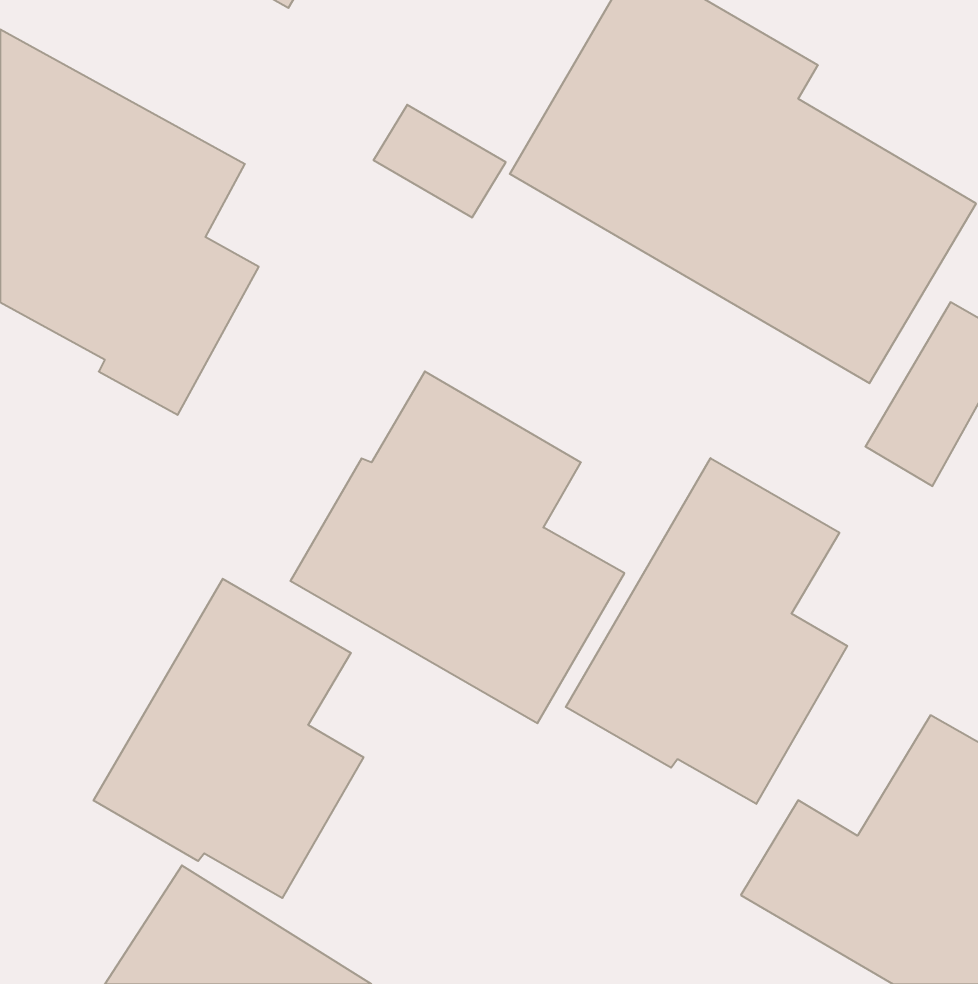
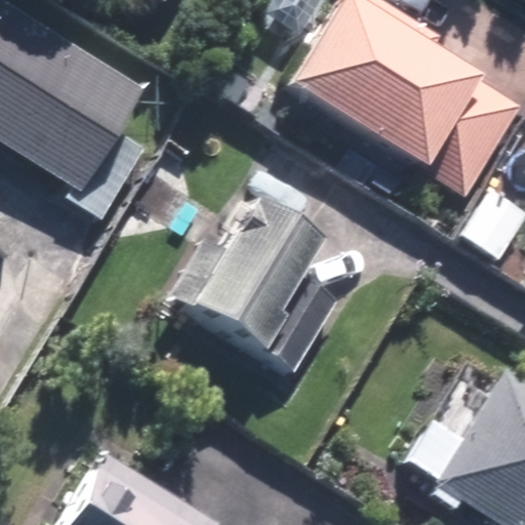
building: [566,458,847,804] -> none
building: [94,579,363,898] -> none

